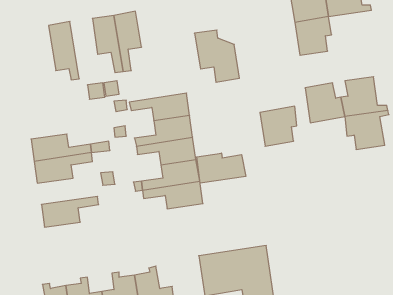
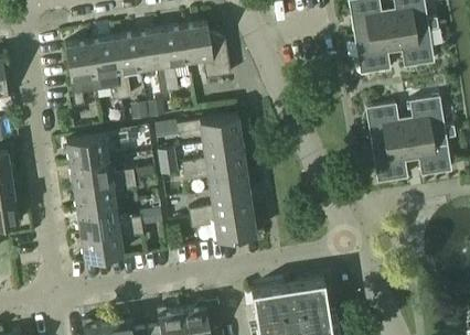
building: none -> [391,24,438,66]
building: none -> [111,33,141,98]
building: none -> [64,41,96,105]
building: [194,30,239,82] -> [182,22,231,78]
building: [260,106,297,146] -> [371,139,410,182]
building: none -> [66,130,129,163]
building: [197,153,246,183] -> none
building: none -> [76,205,141,234]

